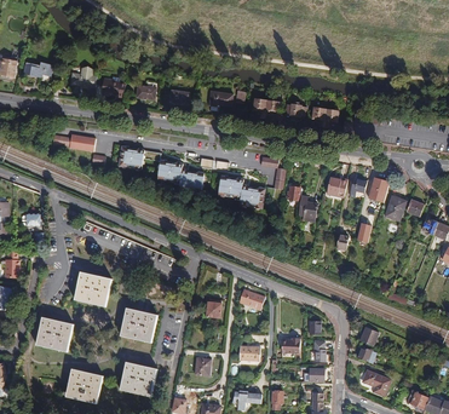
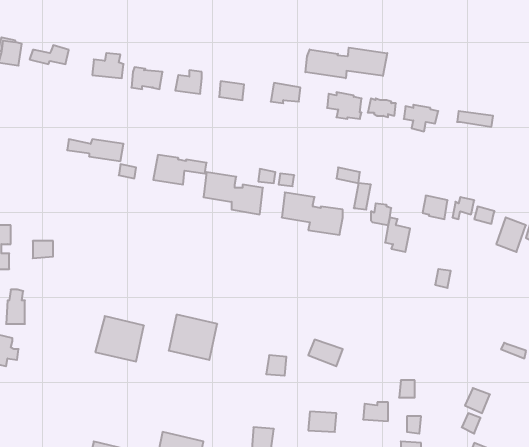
building: none -> [305,48,387,78]
building: [120,307,157,343] -> [169,315,217,360]
building: [36,316,74,352] -> none

